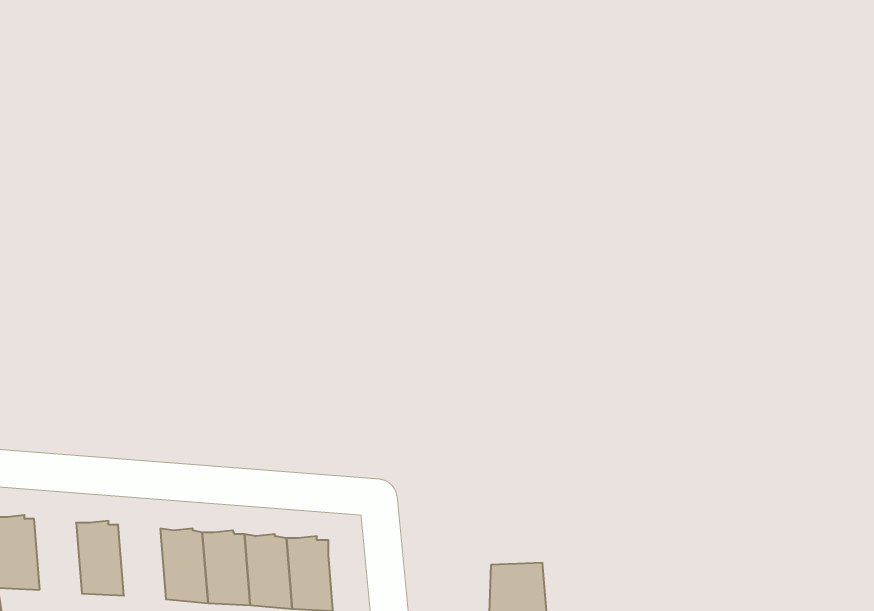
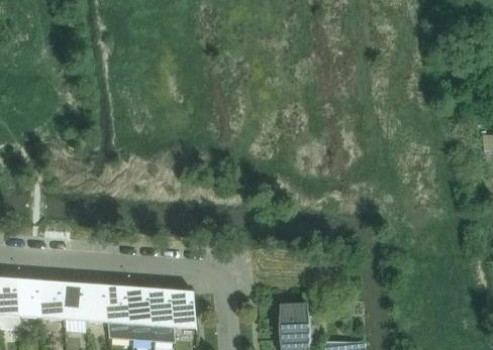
building: none -> [38,280,64,320]
building: none -> [83,283,108,323]

